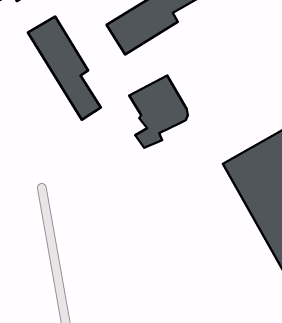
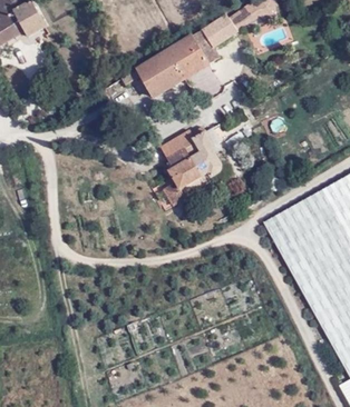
building: [28,16,101,120] -> none

